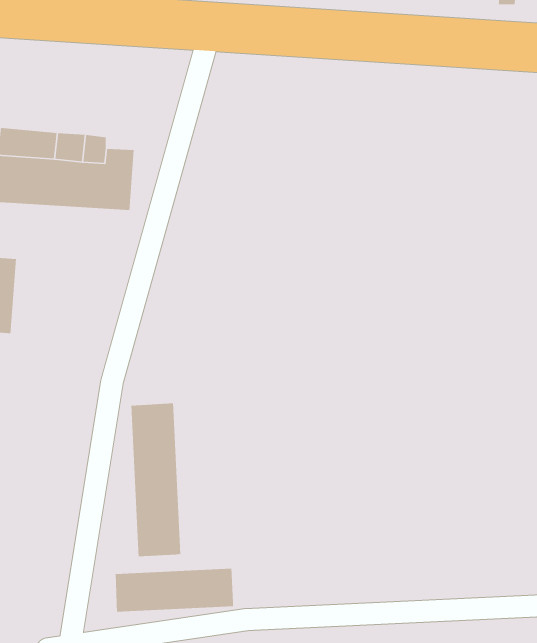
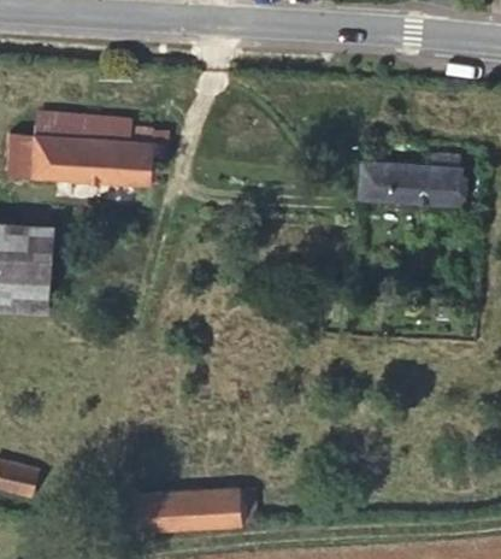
building: none -> [360,157,461,207]
building: [131,402,181,557] -> none

